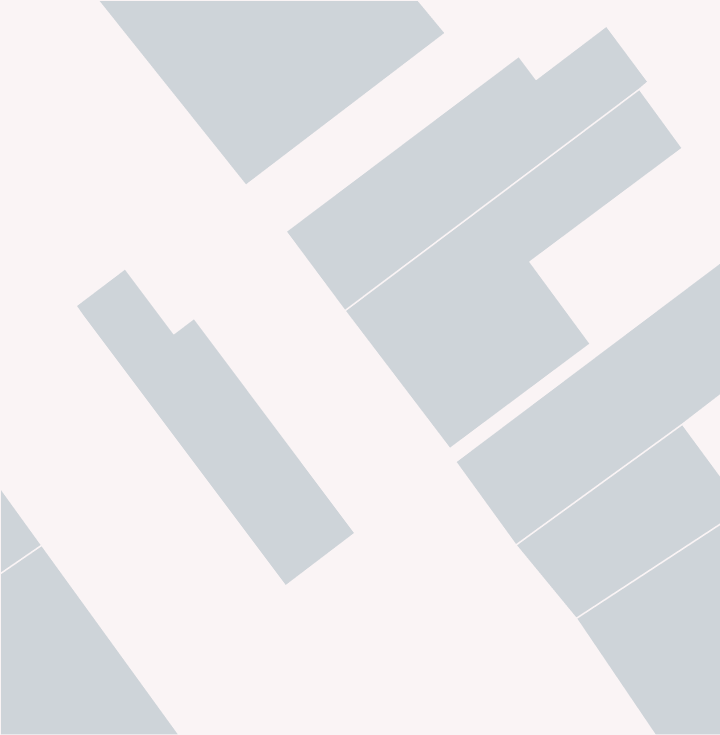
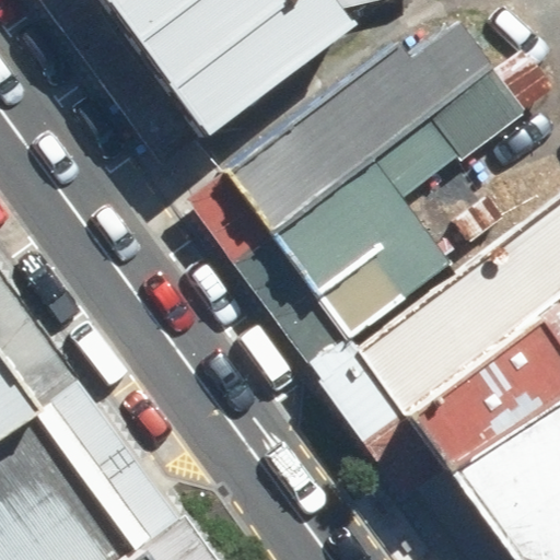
building: [76,269,355,586] -> none

